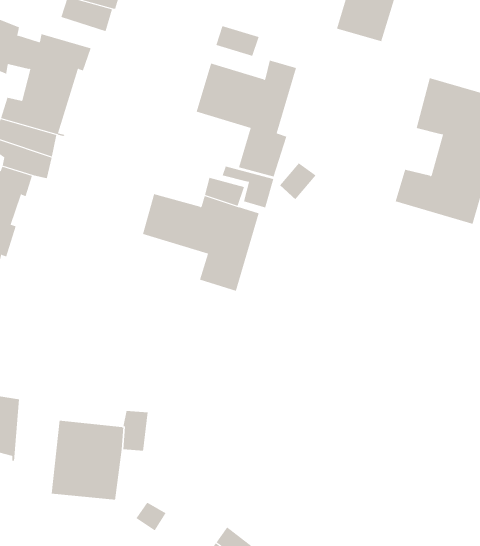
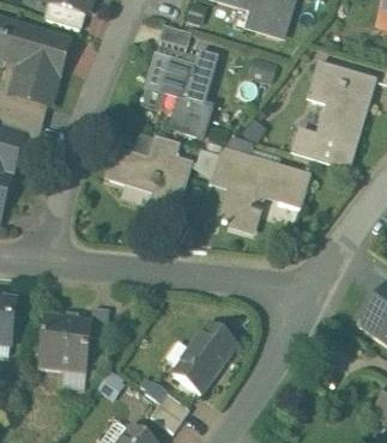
building: none -> [210,146,312,226]
building: none -> [173,320,237,390]

